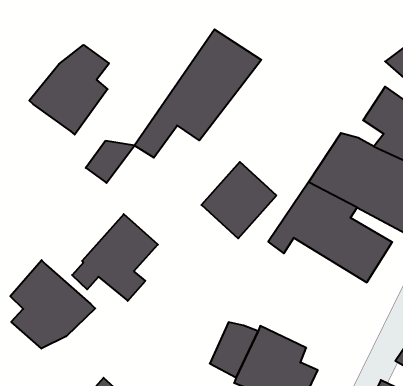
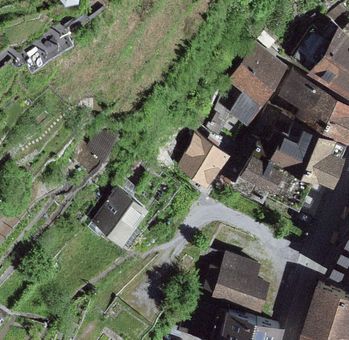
building: [134,29,261,158] -> [204,43,288,140]
building: [29,45,109,135] -> none
building: [10,260,95,349] -> none

